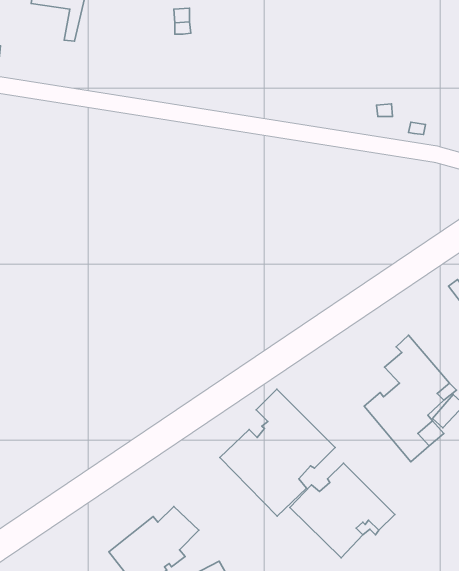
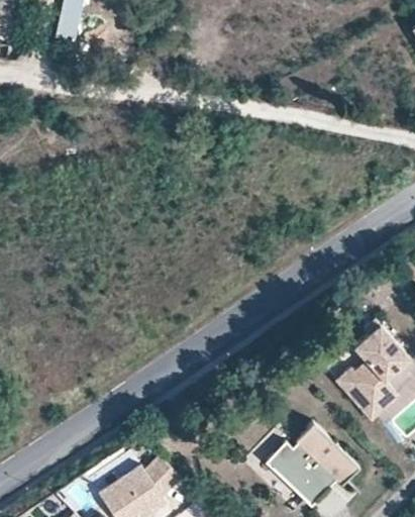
building: [220,389,335,516] -> none

